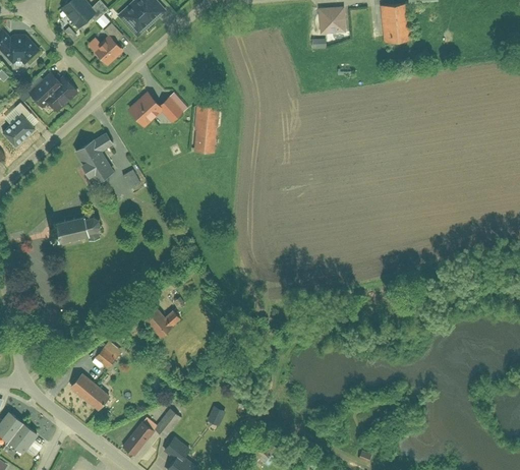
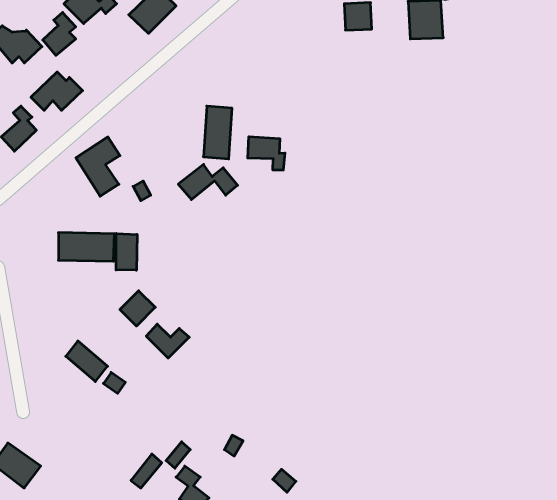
building: [94,24,124,64] -> [43,12,76,55]
building: [127,92,182,124] -> [178,164,238,200]
building: none -> [248,137,285,170]
building: none -> [116,233,137,270]
building: none -> [120,291,155,326]
building: [70,371,109,409] -> [66,341,108,382]

